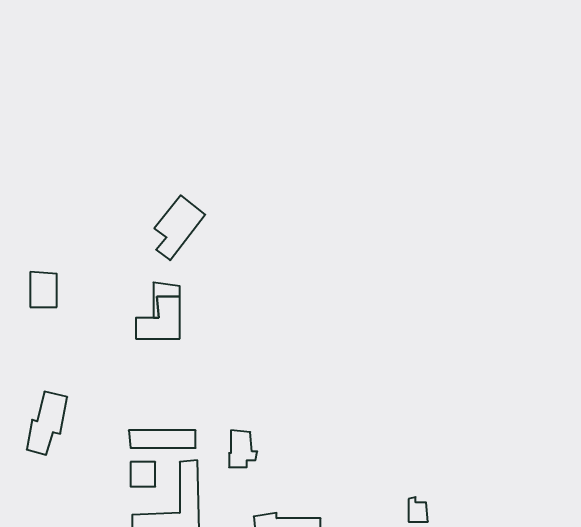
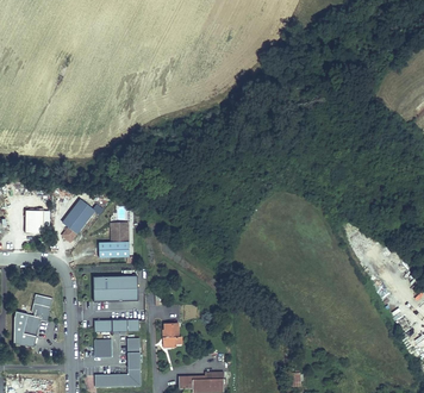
building: [154,195,205,260] -> [61,200,95,244]
building: none -> [94,275,136,299]

